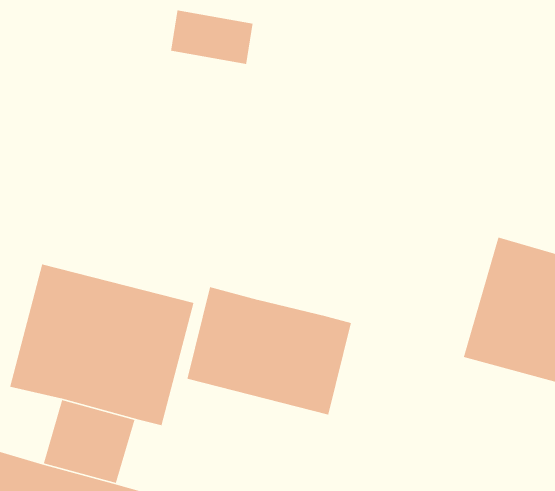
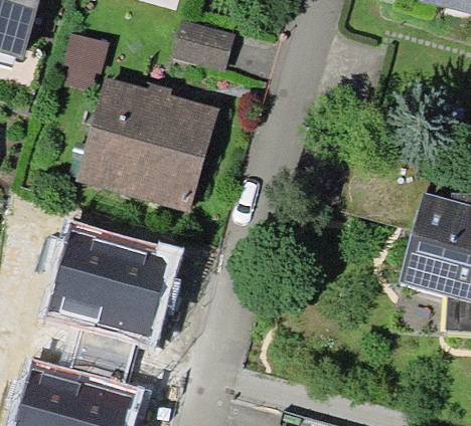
building: none -> [75,75,215,207]
building: [186,286,352,416] -> none

